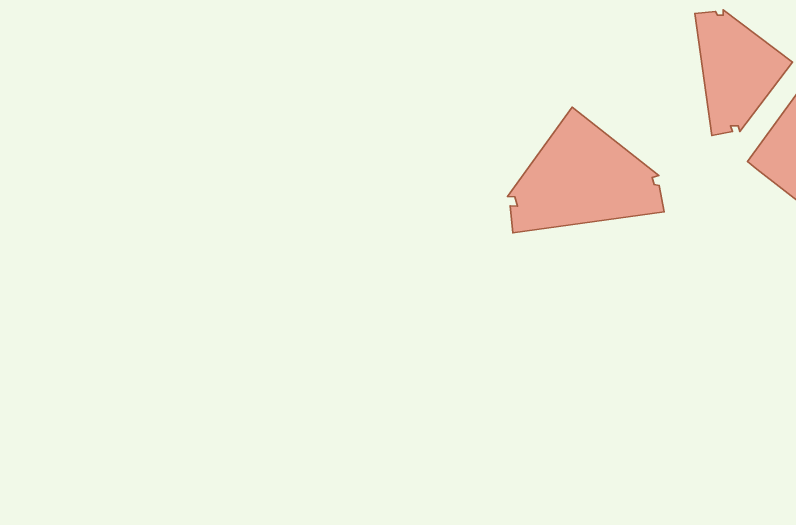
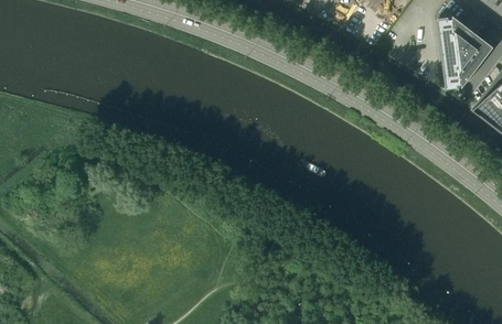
building: [508,107,664,233] -> none

